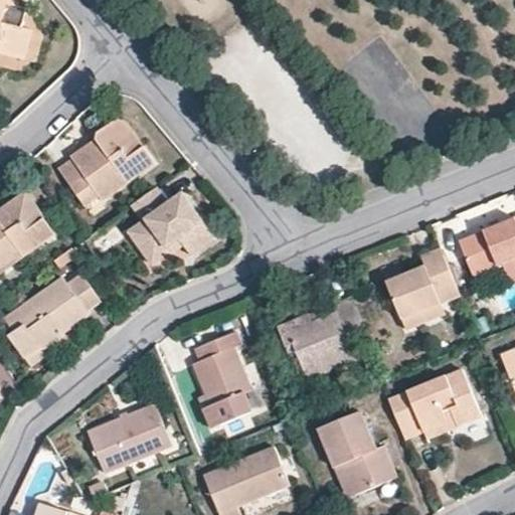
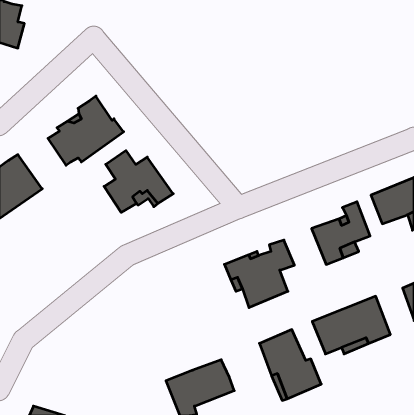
building: [4,275,100,357] -> none
building: [190,330,250,427] -> none
building: [88,403,170,471] -> none

